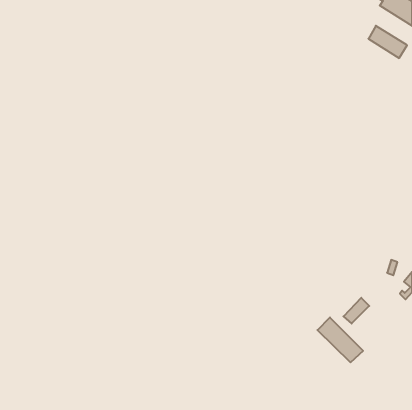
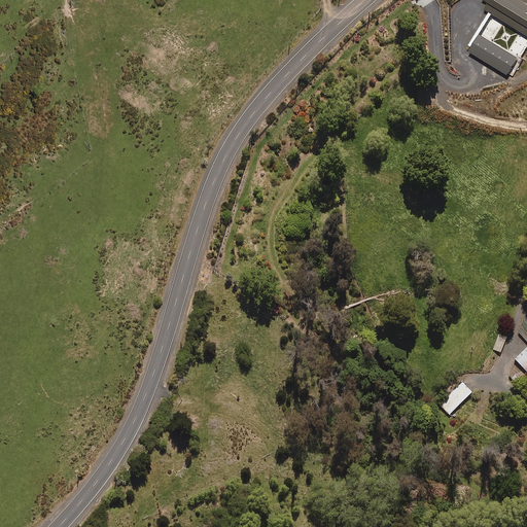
building: [317,317,363,362] -> none

